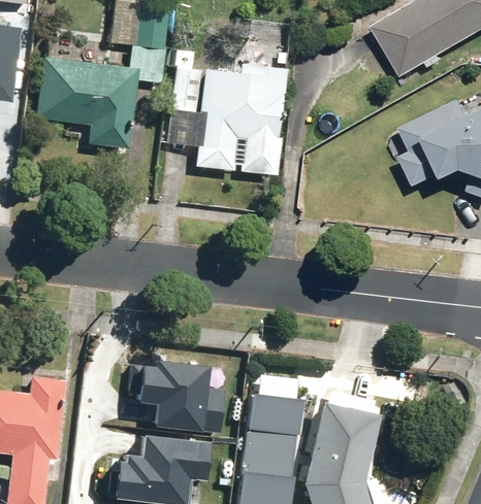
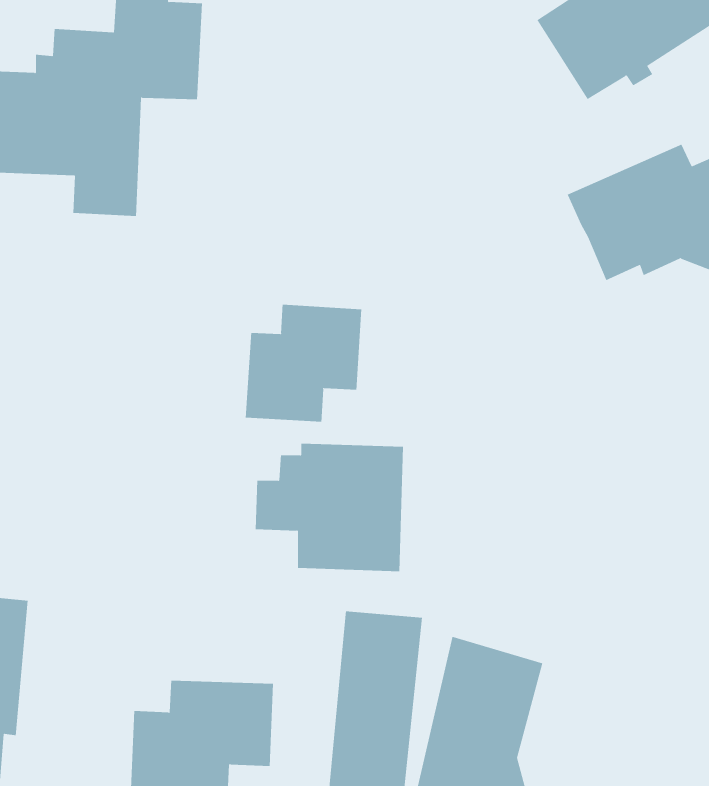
building: [172,22,287,173] -> none
building: none -> [245,304,362,423]
building: [124,352,215,431] -> [255,443,404,572]

